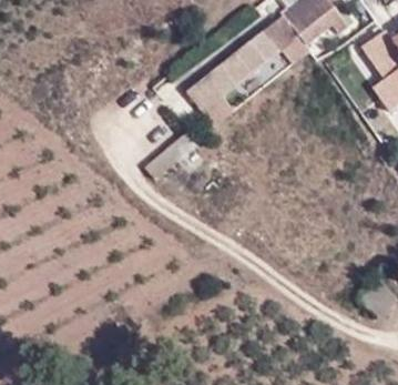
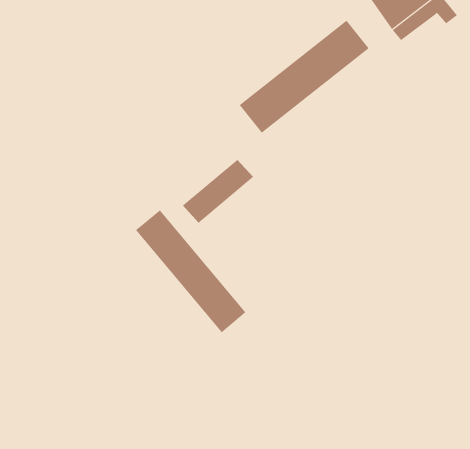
building: none -> [135,209,246,333]

